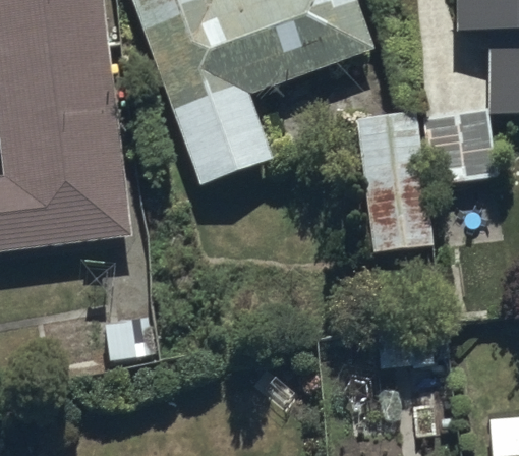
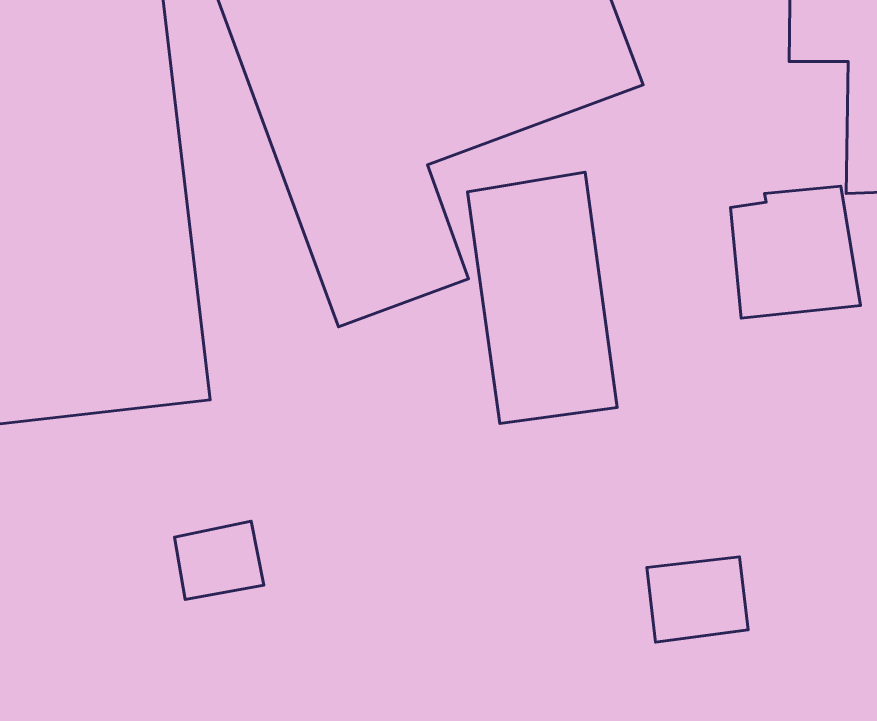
building: [351,110,437,253] -> [468,172,617,423]

